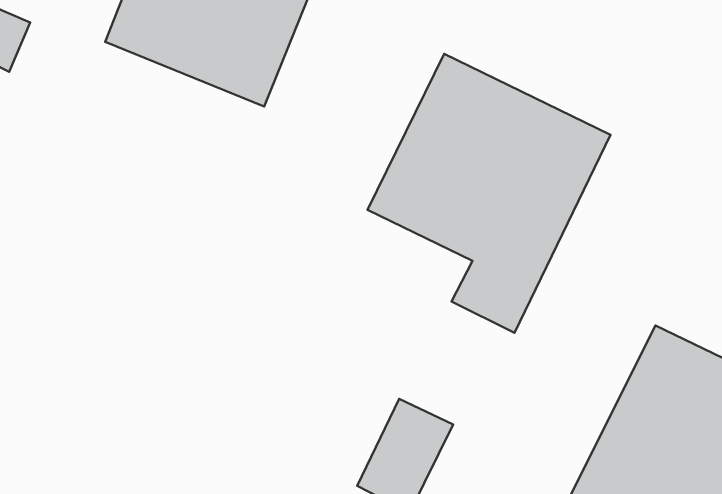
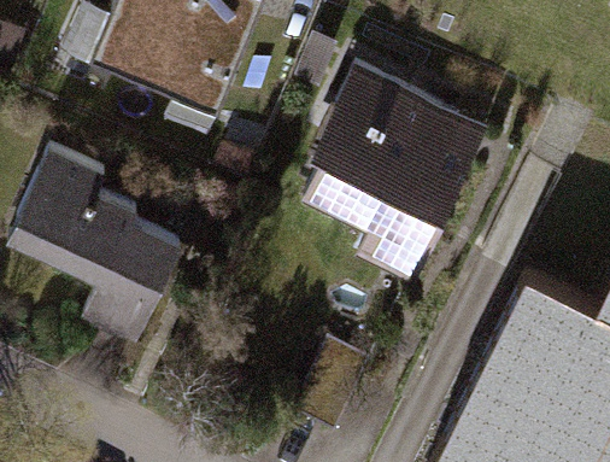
building: none -> [8,148,183,343]

